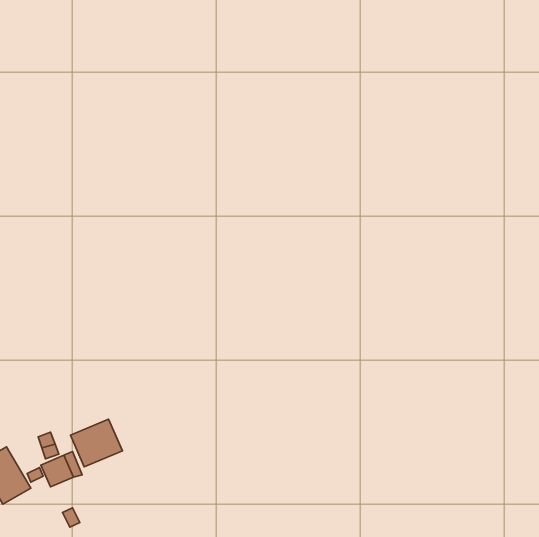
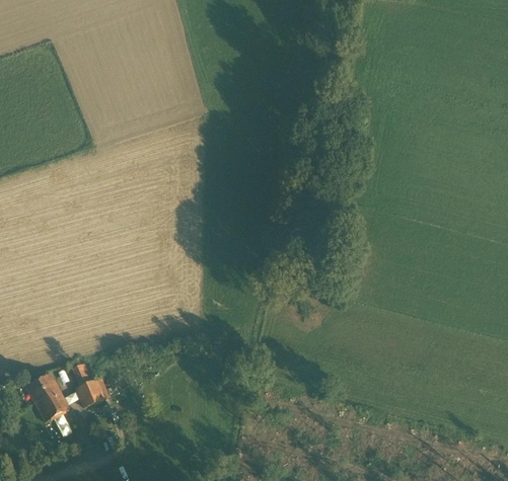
building: [71,419,122,467] -> none

